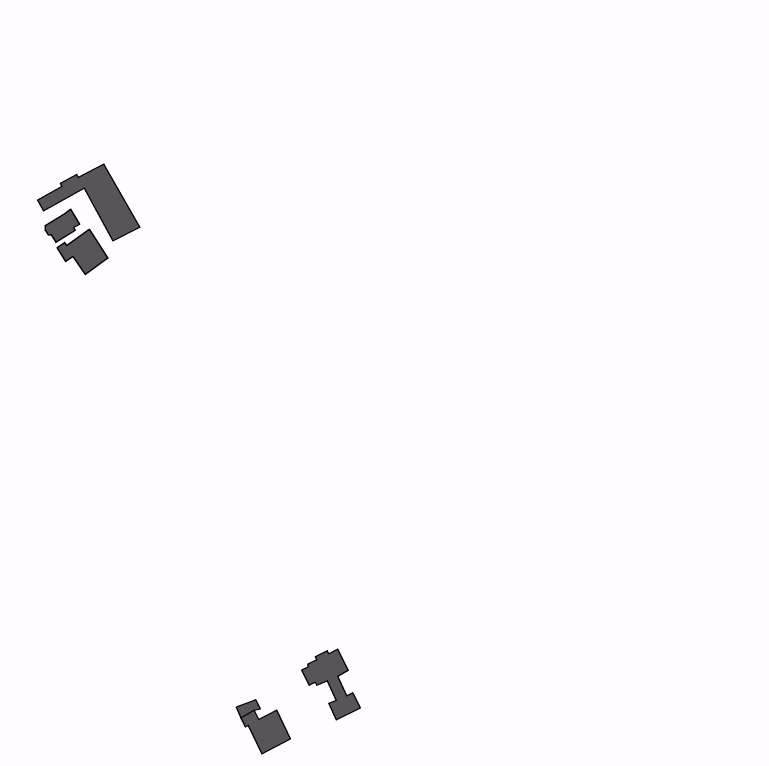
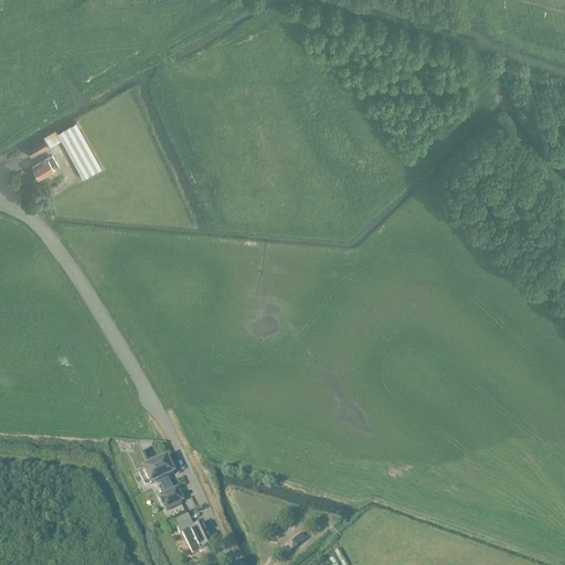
building: [57,229,108,275] -> none
building: [302,649,360,720] -> [139,456,182,508]

